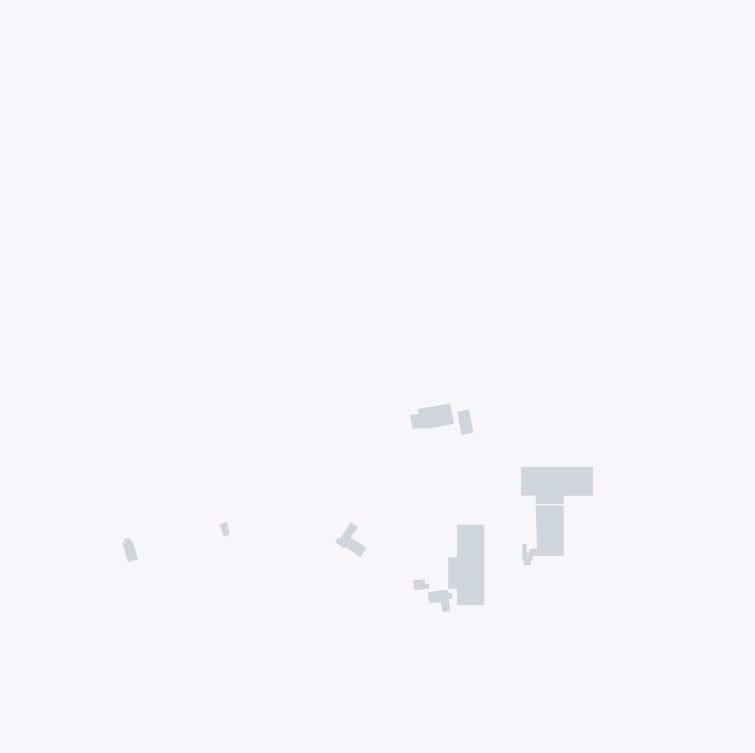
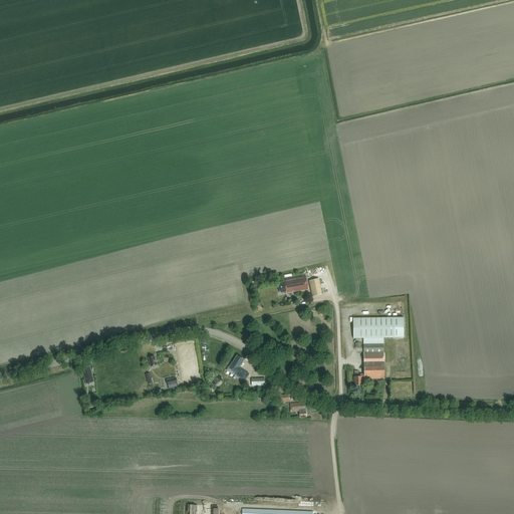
building: [448,524,485,606] -> none

